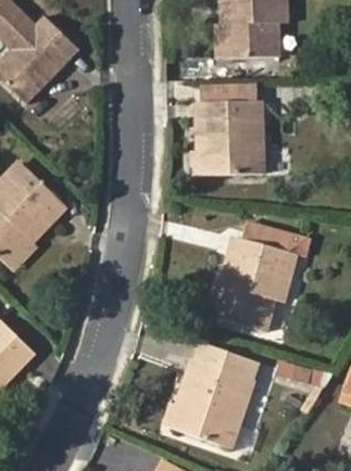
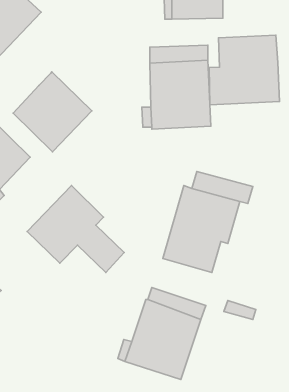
building: none -> [209,35,280,105]
building: none -> [13,72,92,152]
building: none -> [27,186,124,272]

